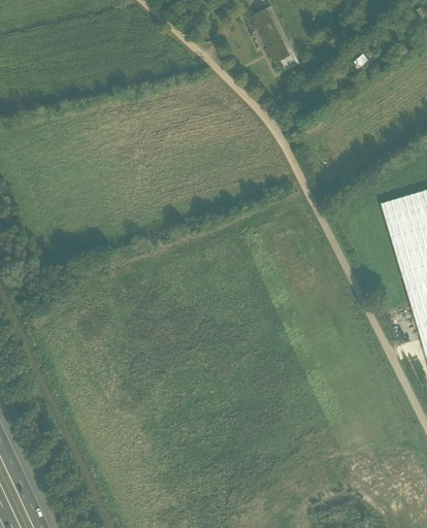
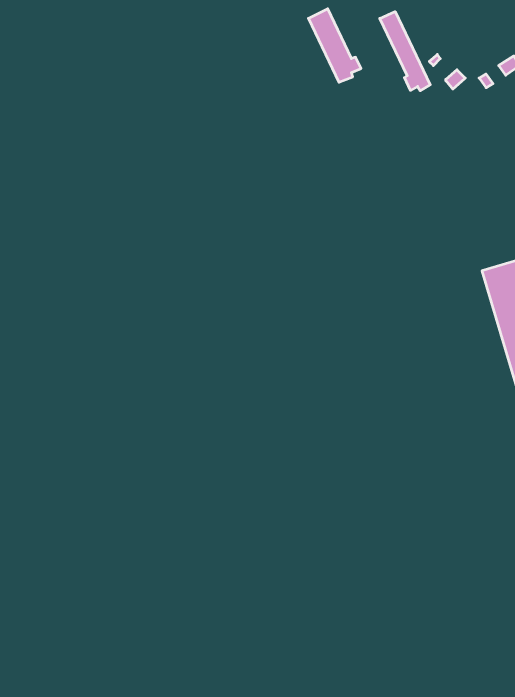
building: none -> [380,12,430,91]

